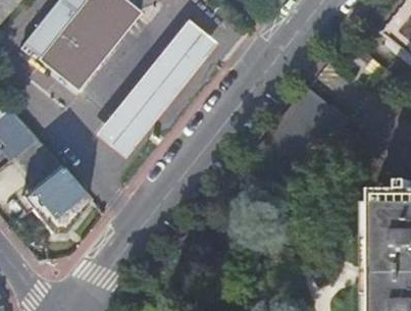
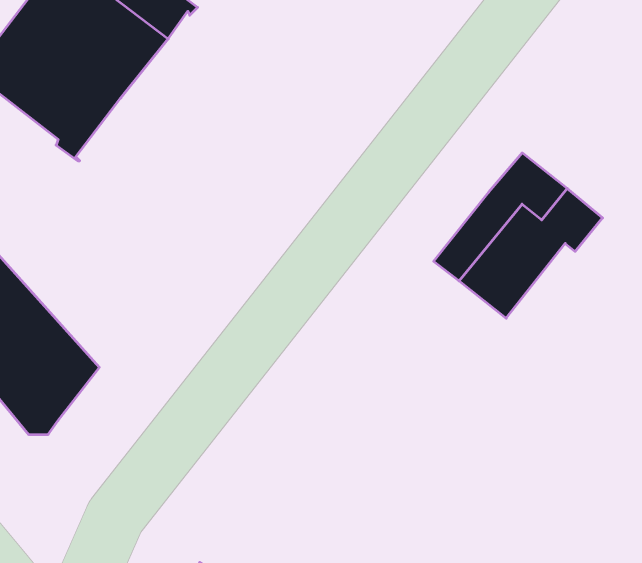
building: [97,19,217,157] -> none

